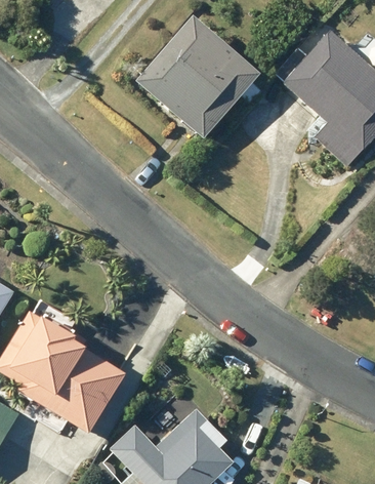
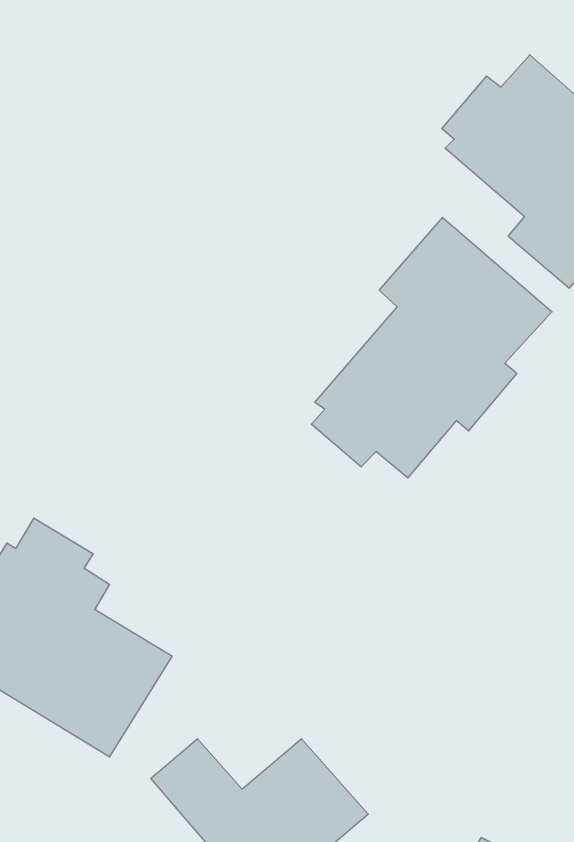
building: [137,18,256,136] -> none
building: none -> [312,217,552,478]

